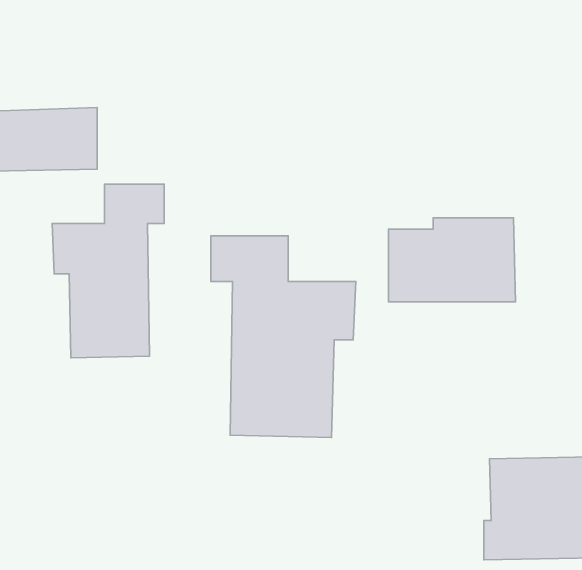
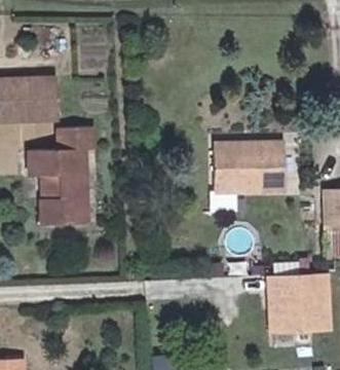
building: [211,236,356,437] -> none

